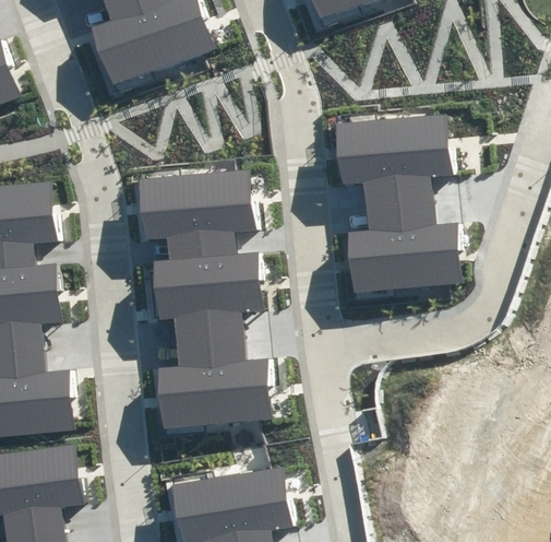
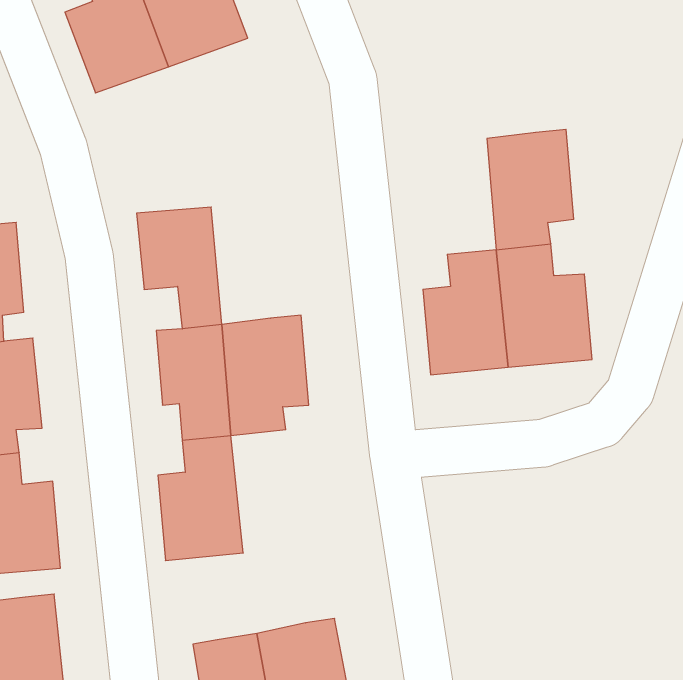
building: [339,121,393,204] -> none
building: [189,165,245,255] -> none
building: [203,330,272,419] -> none

